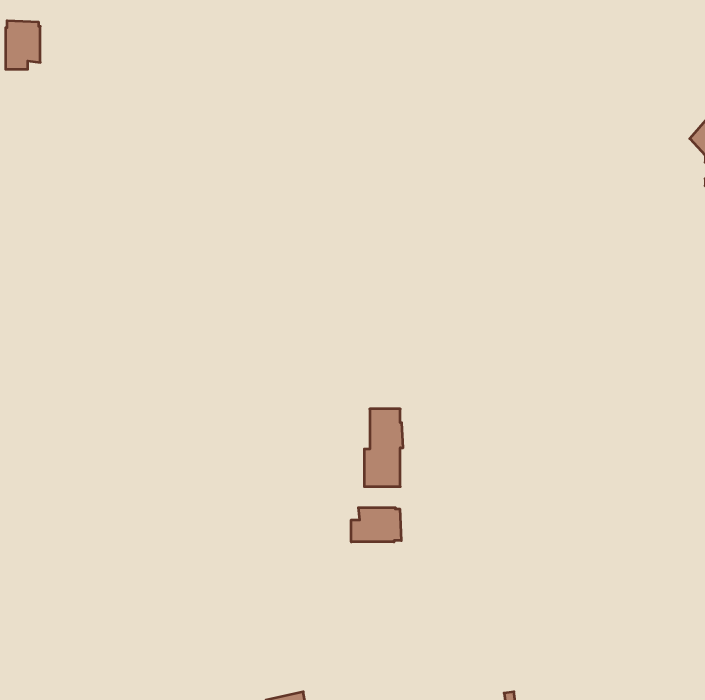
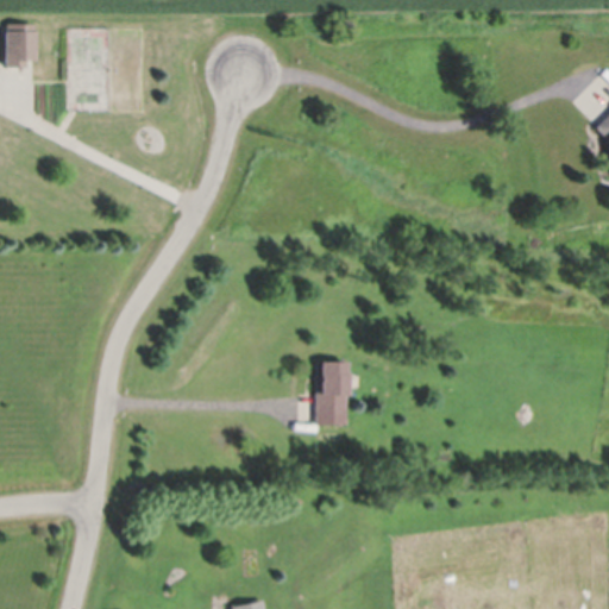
building: [351,508,401,542] -> none

